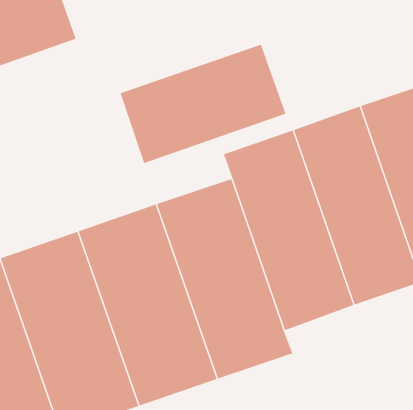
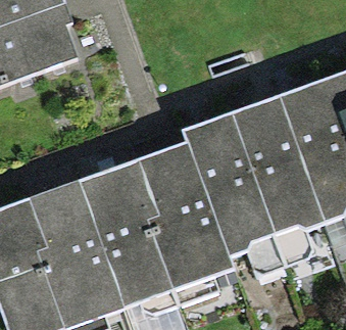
building: [120,44,286,164] -> none

